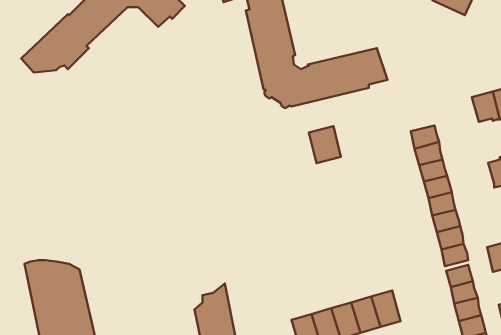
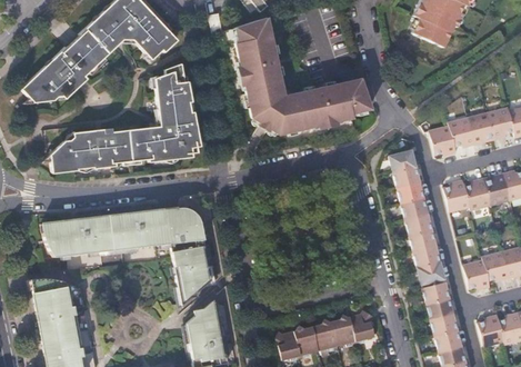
building: none -> [51,63,200,172]
building: none -> [430,129,457,158]
building: [309,126,341,163] -> none
building: none -> [443,181,470,214]
building: none -> [42,208,211,301]

